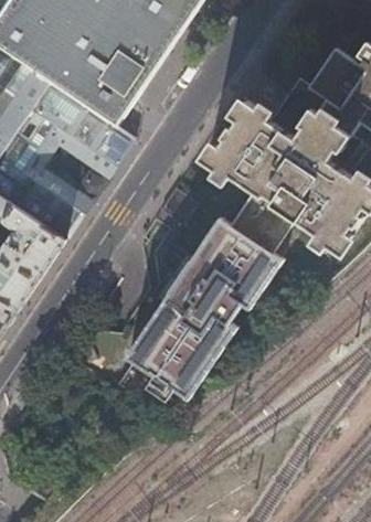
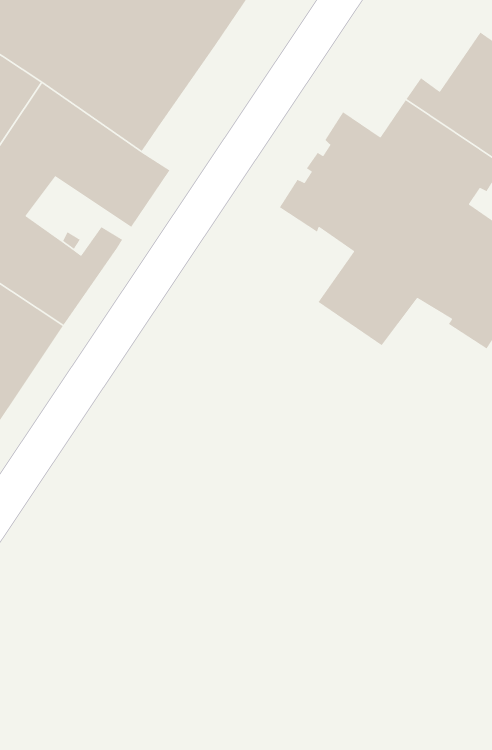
building: [126,219,282,398] -> none

